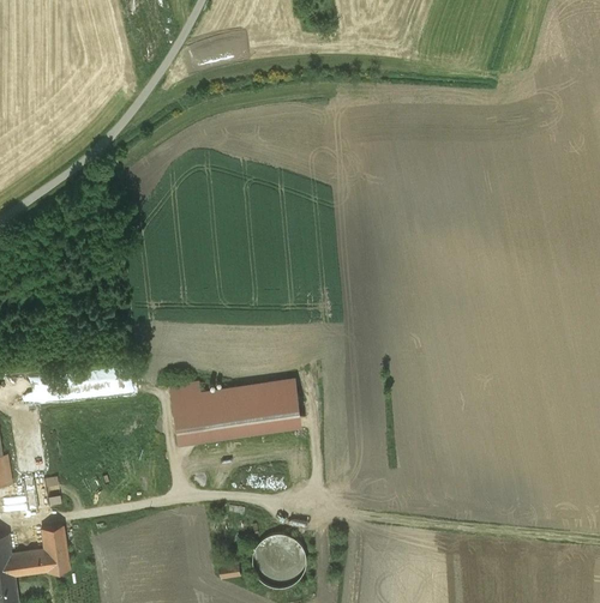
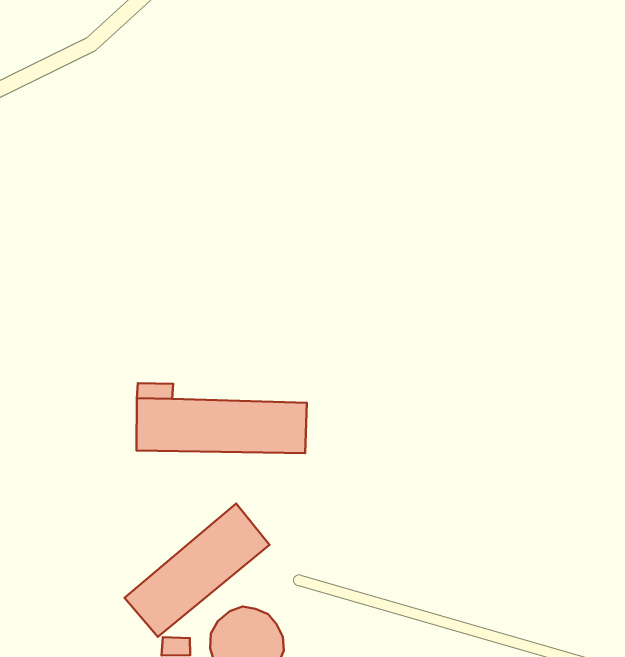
building: none -> [125,504,270,637]

